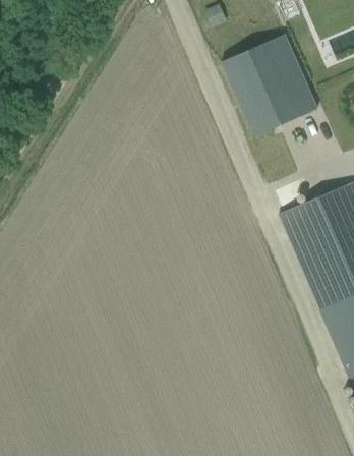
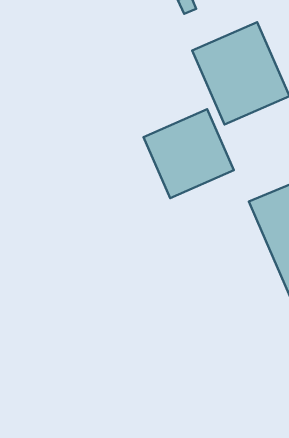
building: none -> [143,109,234,198]

